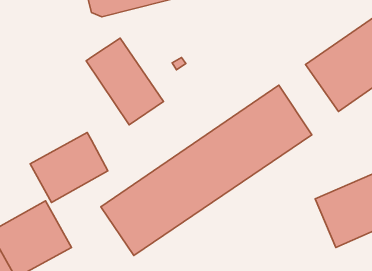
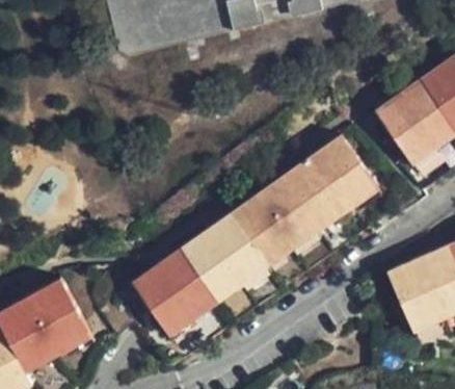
building: [86,38,164,125] -> none
building: [30,132,108,202] -> none

